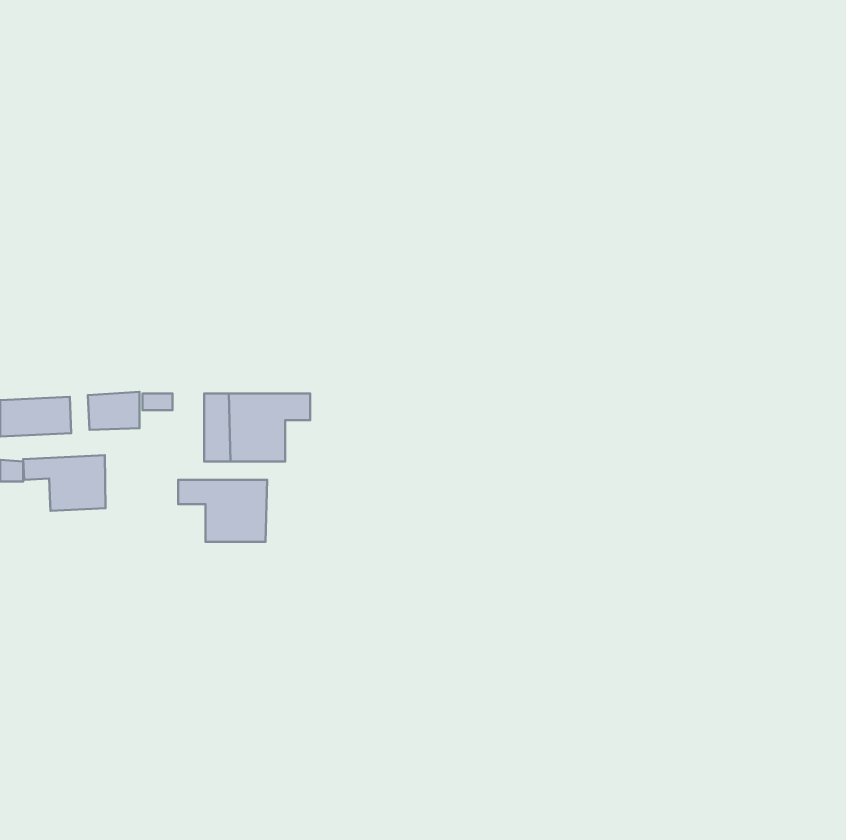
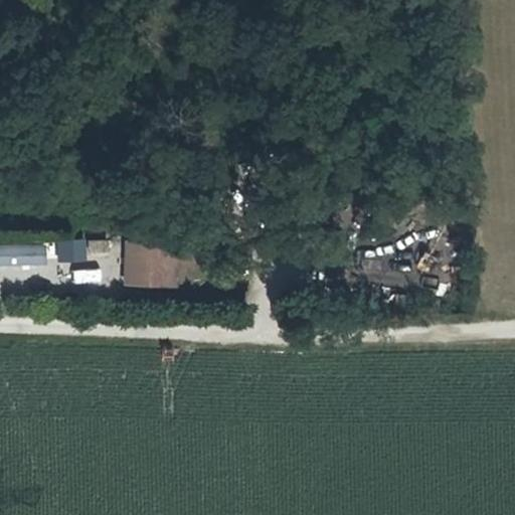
building: [23,455,106,511] -> none
building: [178,480,267,542] -> none

